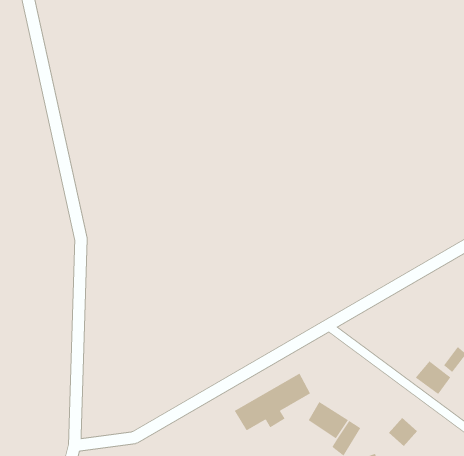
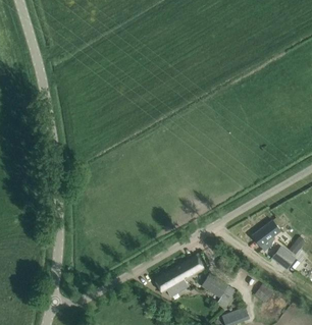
building: none -> [252,220,280,251]

